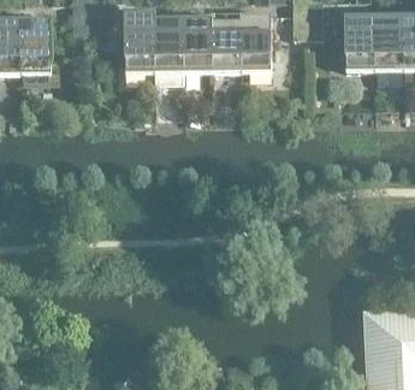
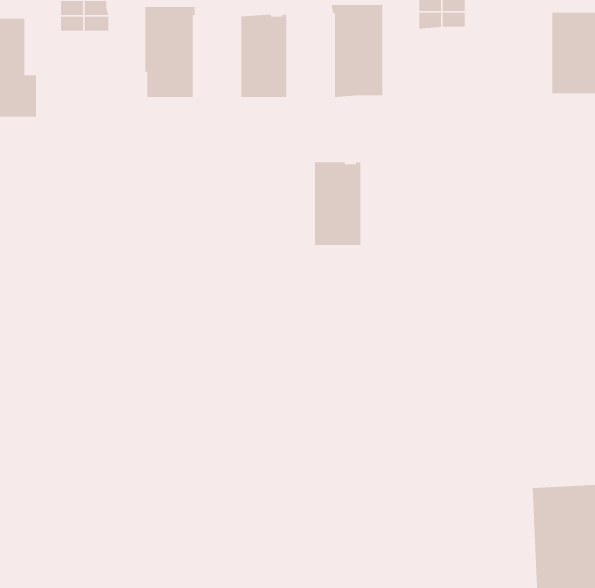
building: [343,16,373,67] -> none
building: [153,17,182,69] -> none
building: [211,17,239,69] -> [314,162,361,246]

